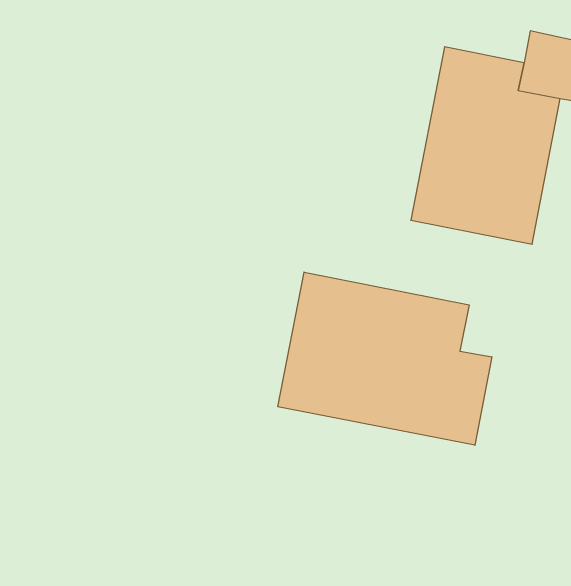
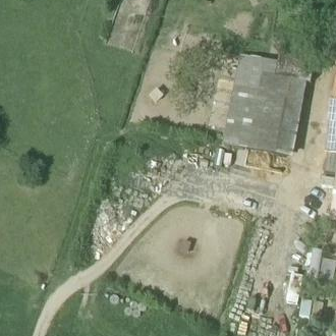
building: [278,272,492,445] -> none

